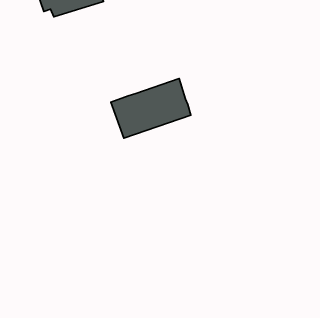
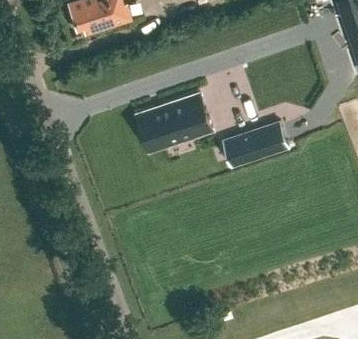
building: none -> [222,122,288,167]

